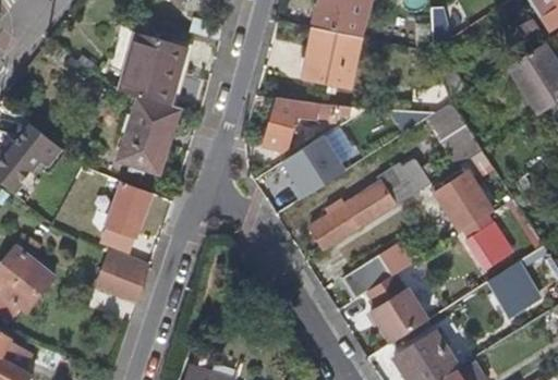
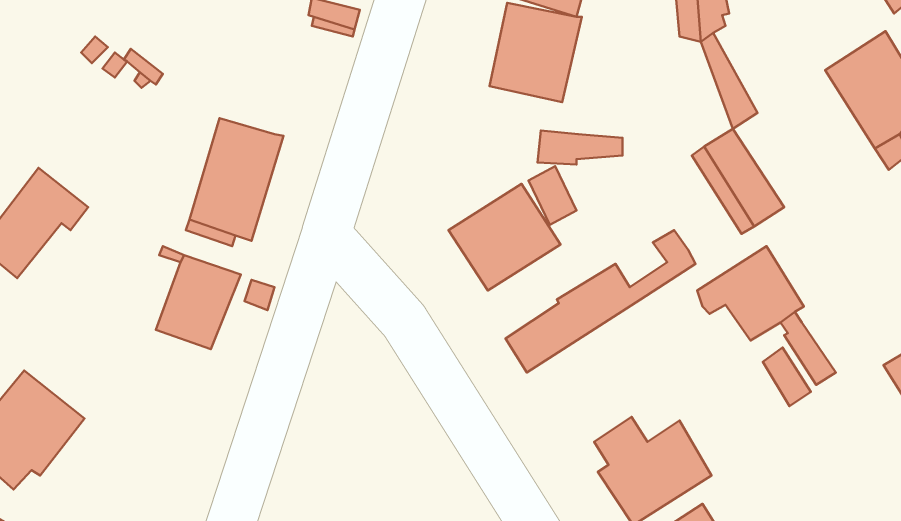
building: [116,33,187,105] -> none
building: [268,98,317,137] -> none
building: [375,157,435,198] -> none
building: [95,246,150,299] -> none
building: [344,249,408,298] -> none
building: [490,266,542,320] -> none

